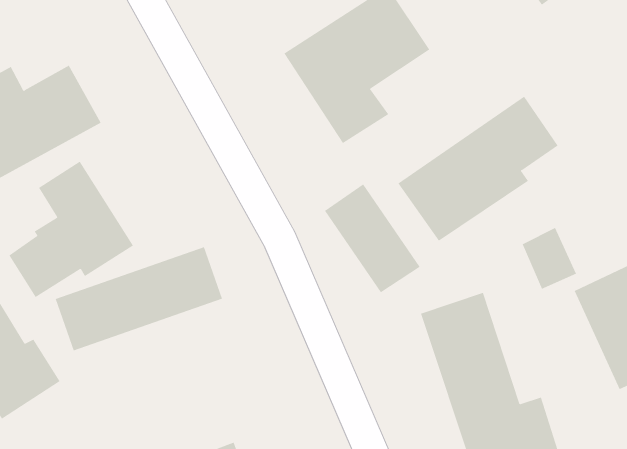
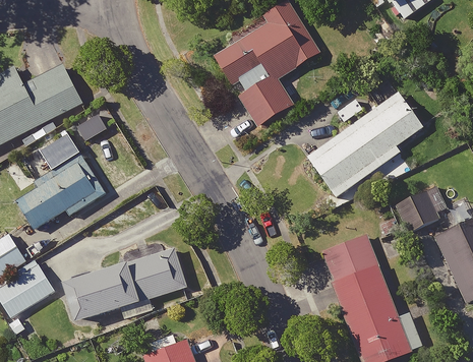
building: [324,184,421,293] -> none
building: [55,247,223,351] -> [69,250,190,325]

